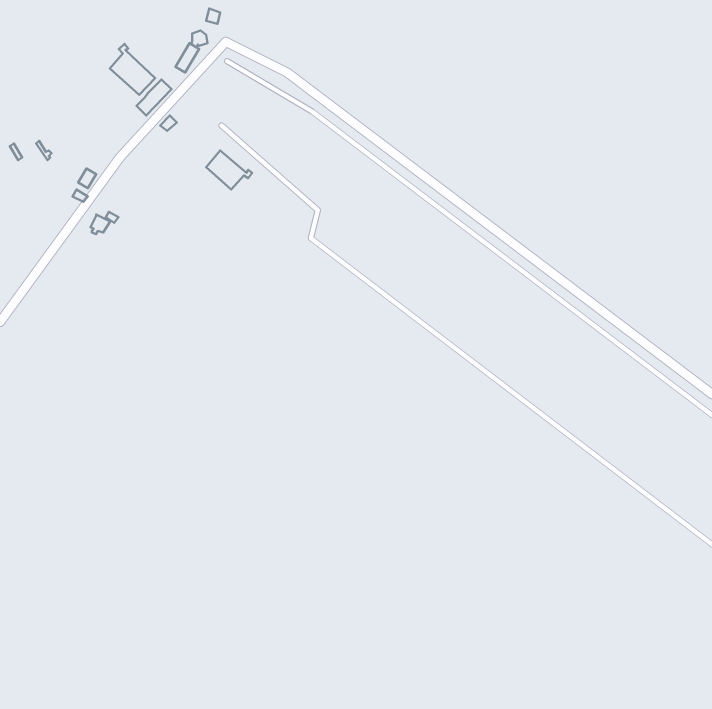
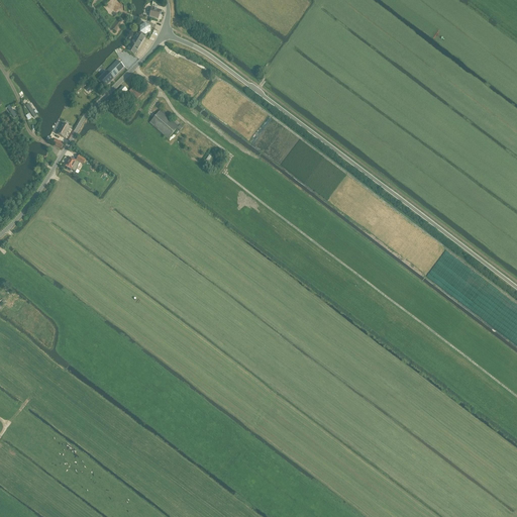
building: [110,44,155,95] -> none

